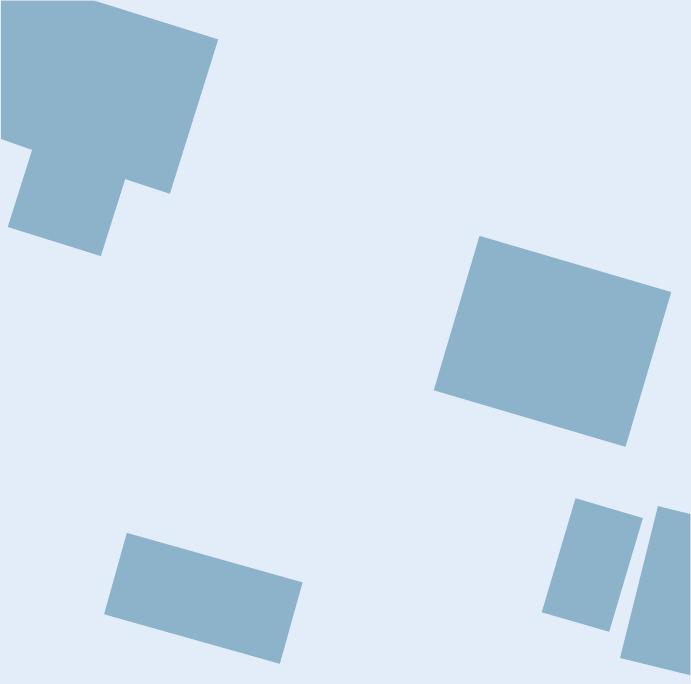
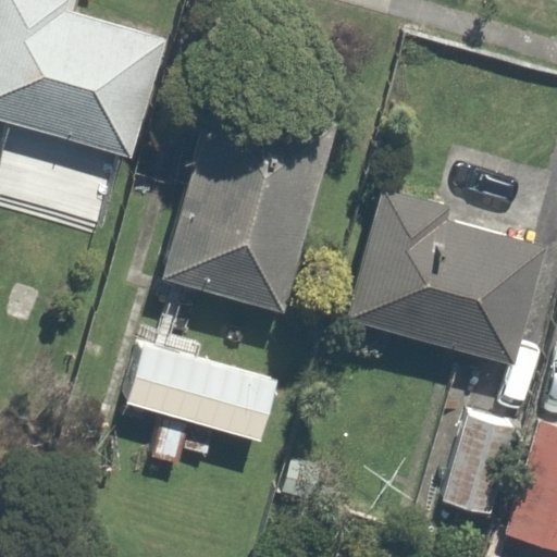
building: none -> [161,101,327,312]
building: [103,532,303,665] -> [125,342,286,448]

